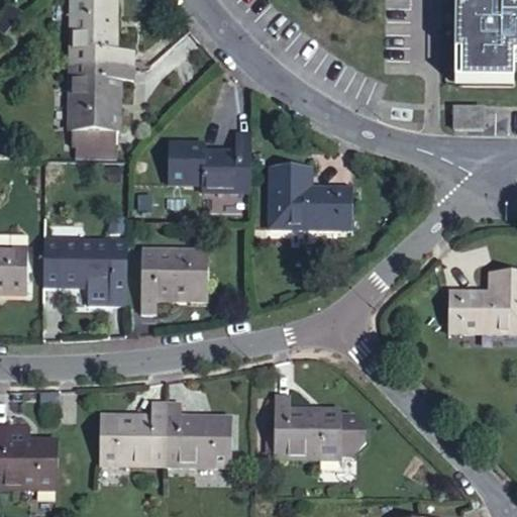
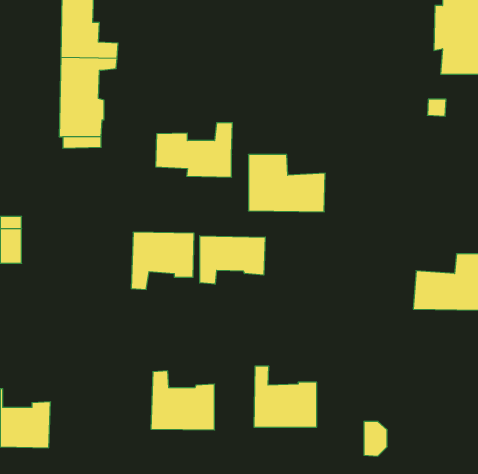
building: [58,240,124,303] -> none
building: none -> [200,236,265,284]
building: [97,401,166,462] -> none
building: [342,418,368,455] -> [364,421,387,456]

